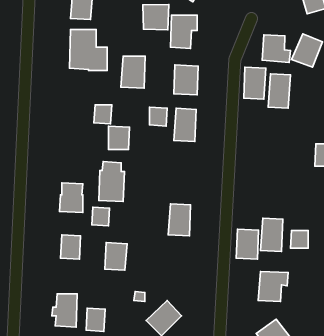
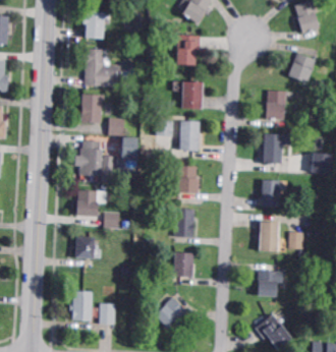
building: [143,5,169,30] -> none
building: [262,35,290,62] -> none
building: [121,56,145,88] -> [81,95,104,124]
building: [244,67,266,99] -> [264,134,284,164]
building: none -> [168,165,199,194]
building: [99,162,124,202] -> [80,140,104,177]
building: [236,229,258,259] -> [262,180,282,208]
building: [105,243,127,270] -> [175,252,195,278]

